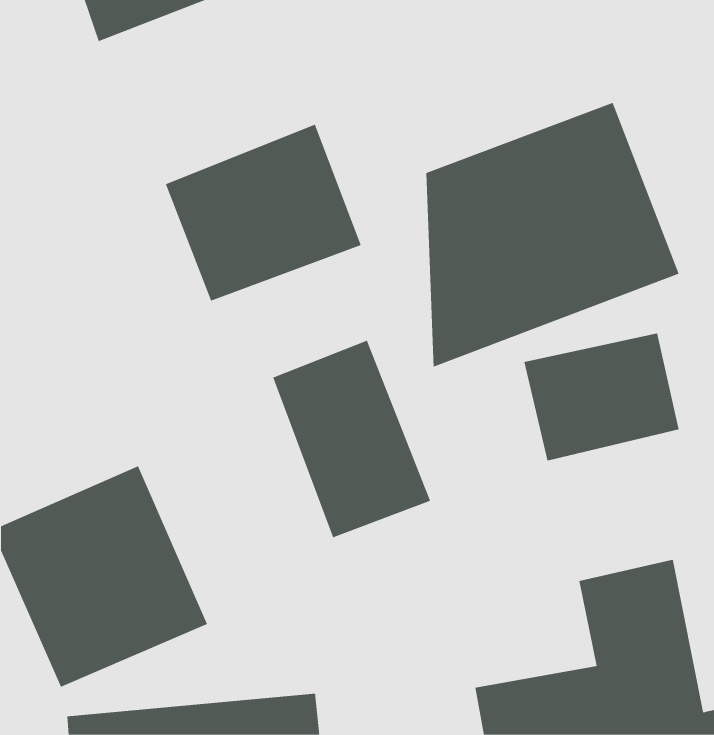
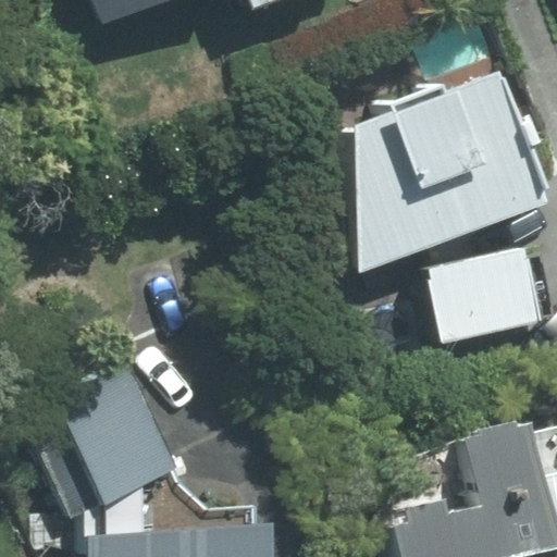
building: [165,124,362,301] -> none
building: [272,340,431,538] -> none

